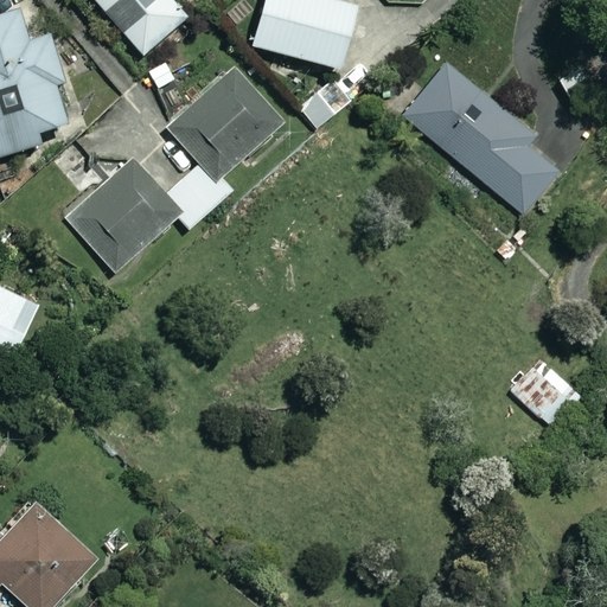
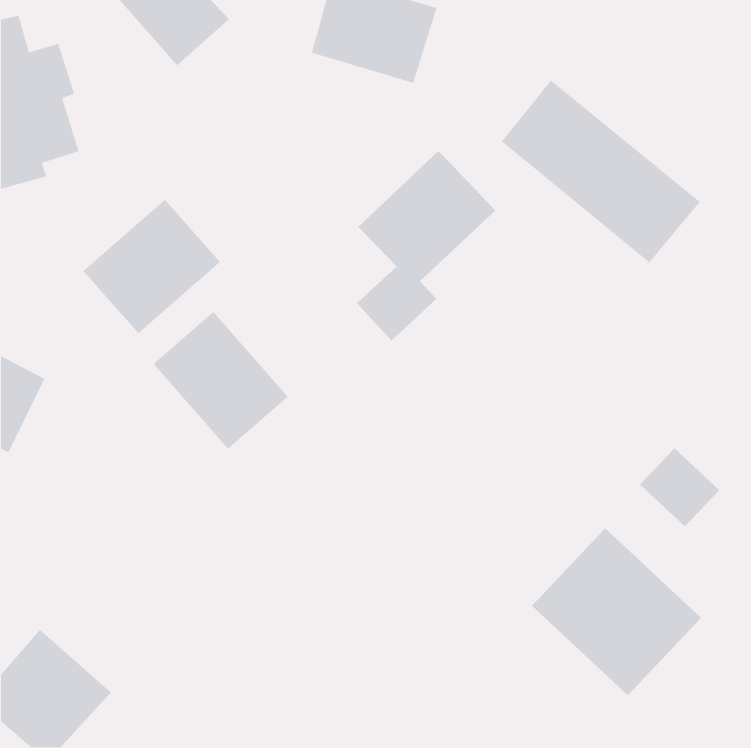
building: [167,69,280,223] -> [356,150,496,342]
building: none -> [153,311,289,450]
building: none -> [531,527,702,696]

